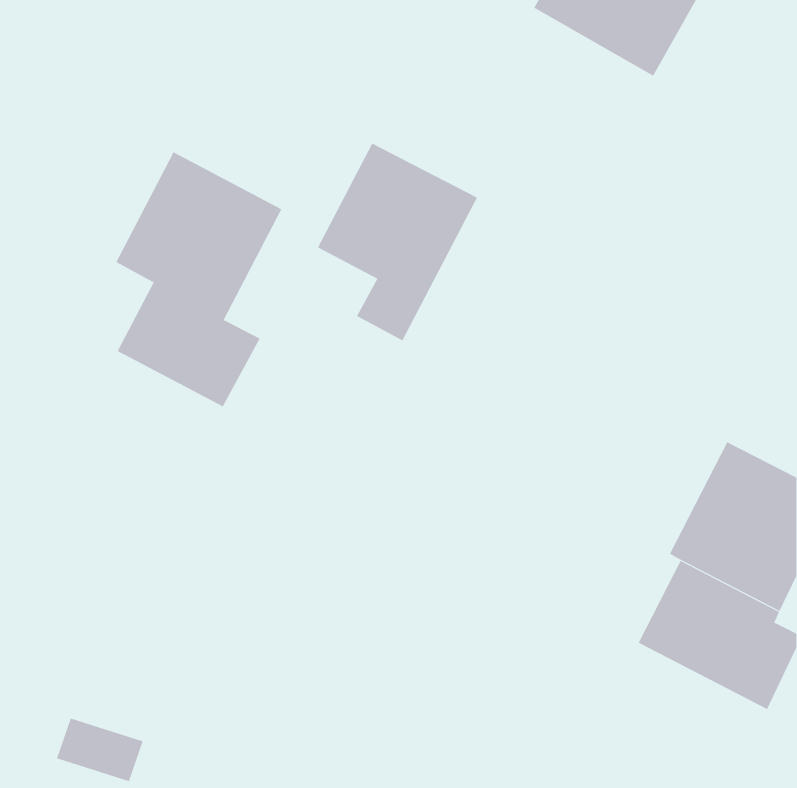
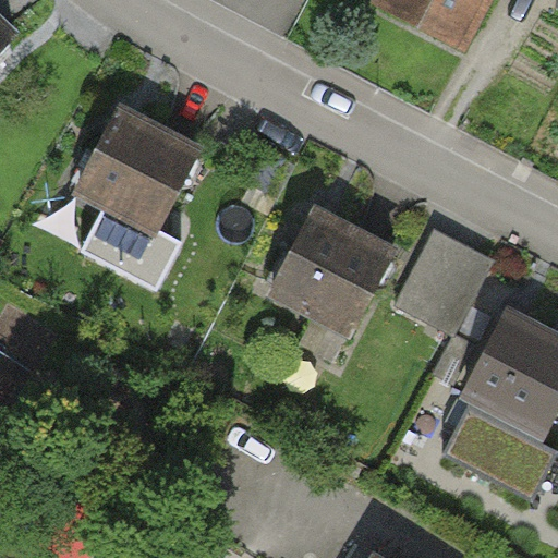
building: [317,143,478,341] -> [277,210,389,349]
building: none -> [398,232,490,328]

